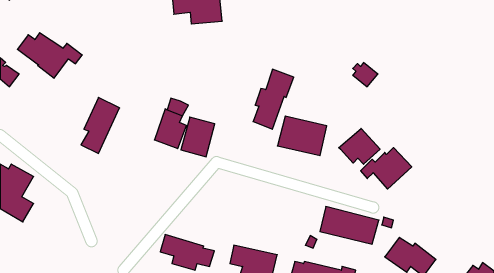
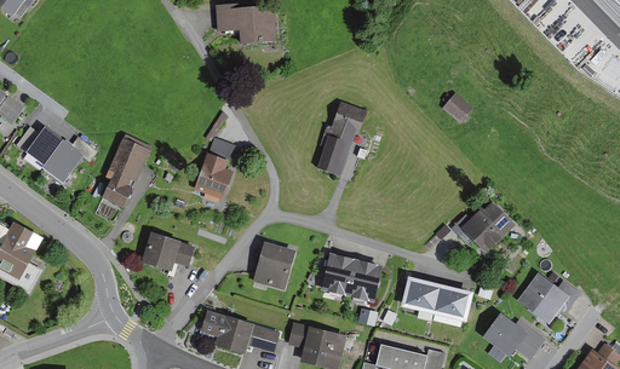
building: [17,33,82,78] -> [17,125,98,181]
building: [277,116,327,156] -> [321,252,383,301]
building: [181,117,215,157] -> [253,241,295,290]
building: [339,128,380,164] -> none
building: none -> [142,230,195,271]
building: none -> [516,271,580,324]

